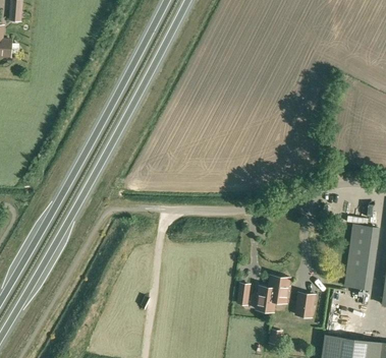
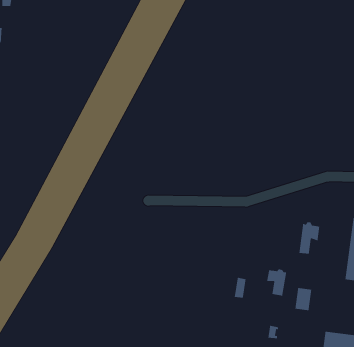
building: none -> [298,222,320,255]
building: [257,286,276,311] -> none

